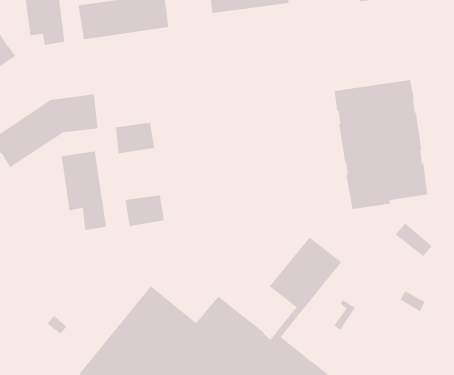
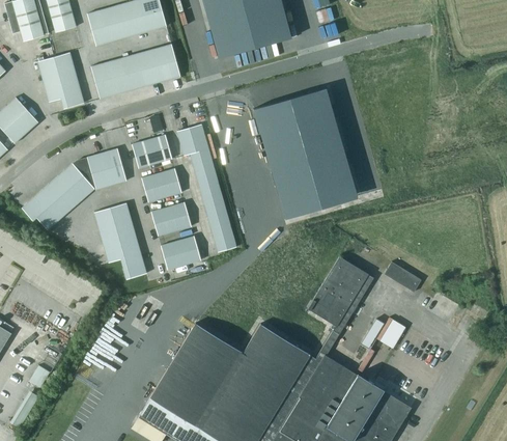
building: [334,79,428,209] -> [253,87,356,218]
building: none -> [176,123,235,252]
building: none -> [131,135,171,168]
building: none -> [150,202,191,236]
building: [395,223,433,257] -> [384,261,421,292]

